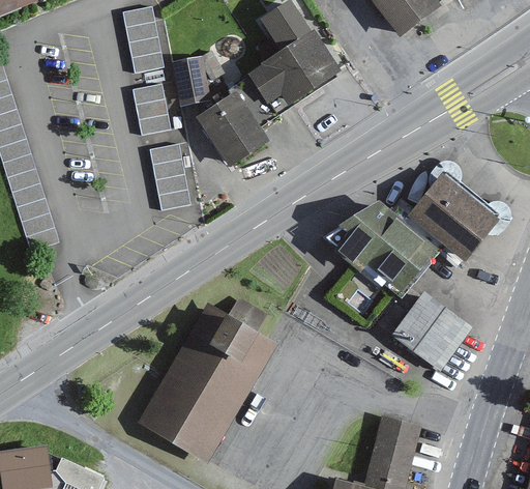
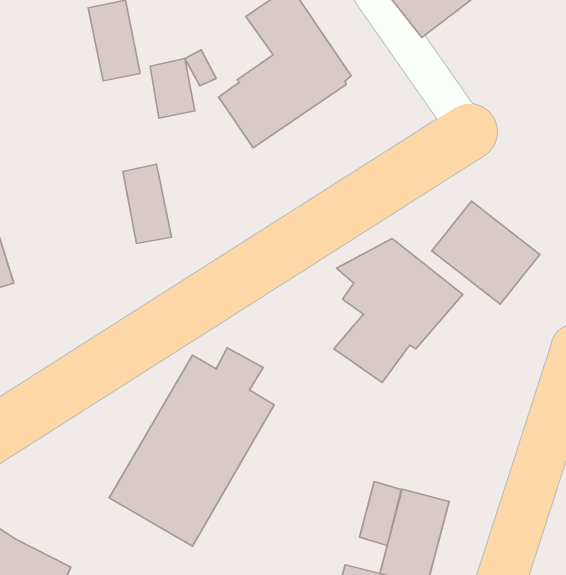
building: [131,82,172,134] -> none
building: [196,90,267,165] -> none
building: [392,293,470,369] -> none
building: none -> [359,482,401,545]

